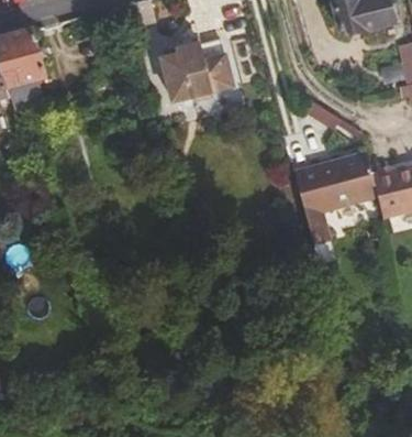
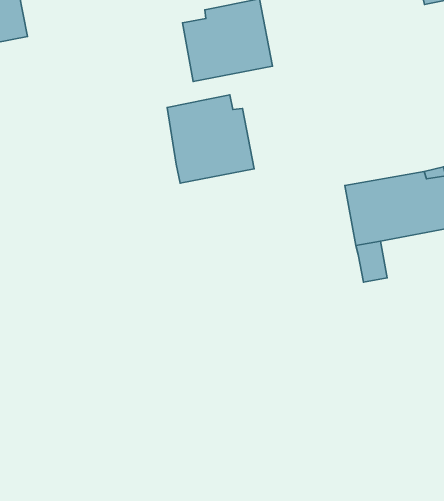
building: none -> [167,95,254,183]

